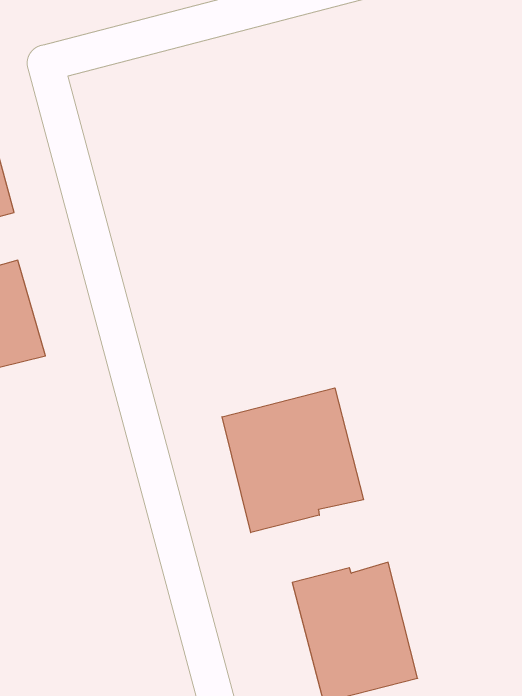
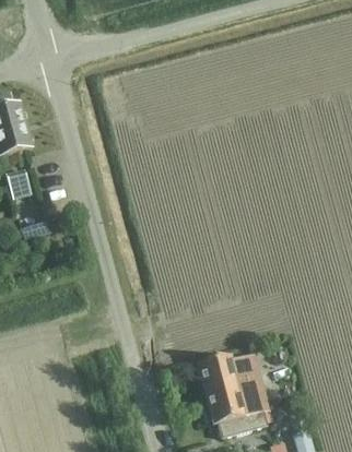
building: [222,388,363,533] -> none

